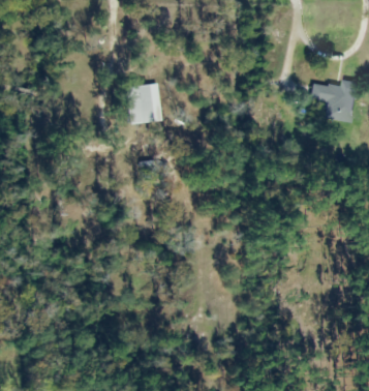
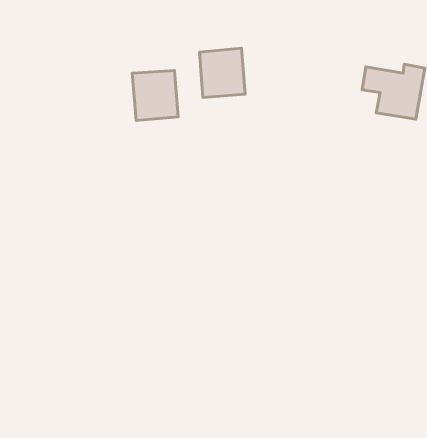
building: none -> [199,48,245,97]

